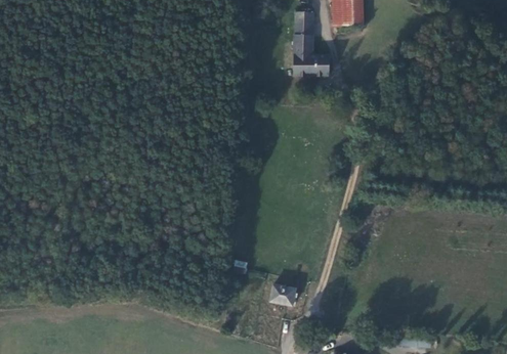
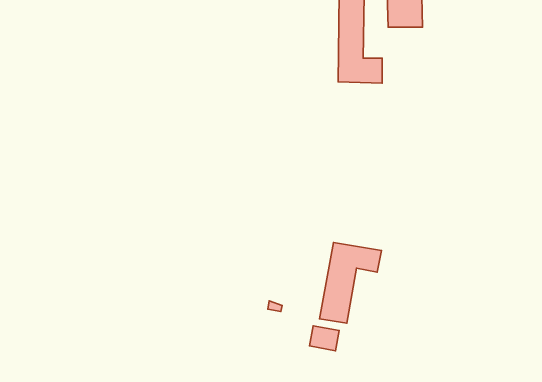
building: none -> [319,242,382,323]

